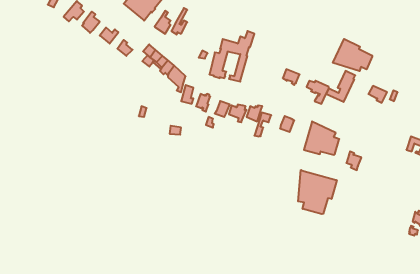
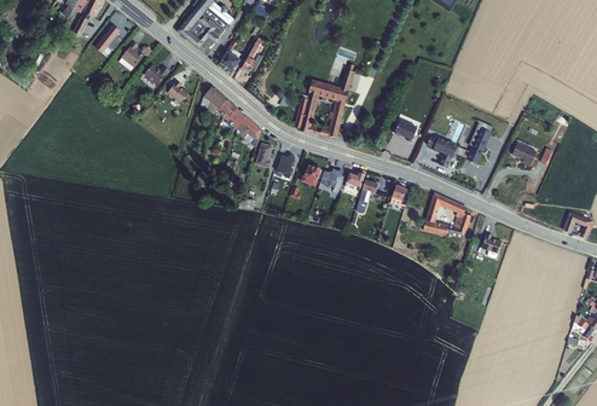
building: [333,39,372,71] -> none
building: [298,170,337,214] -> none

